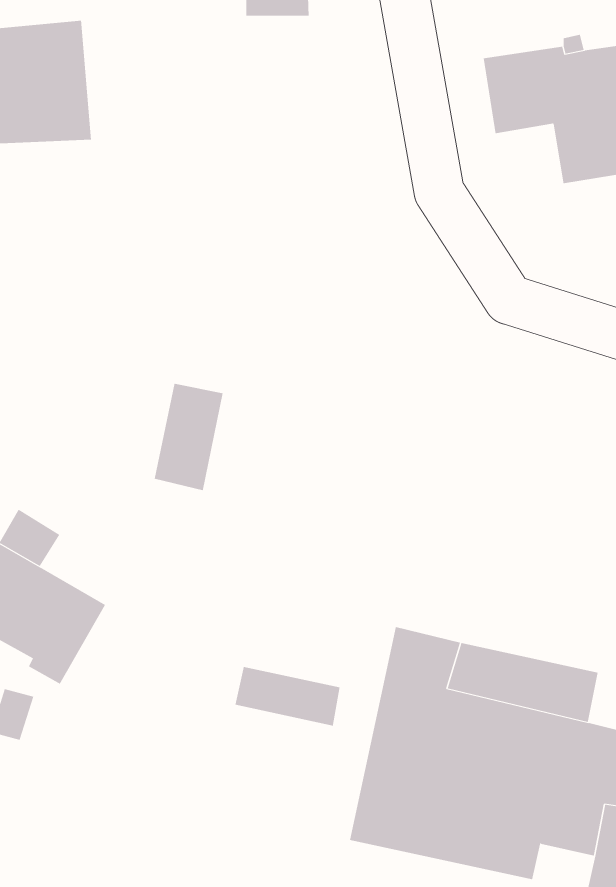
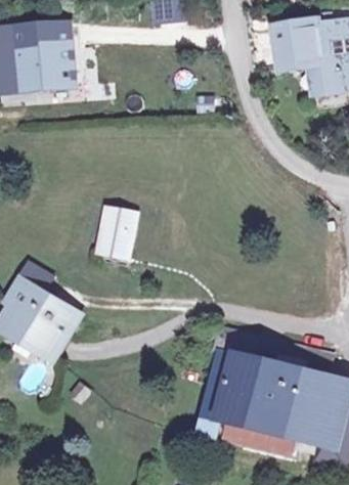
building: [235,666,340,726] -> none

